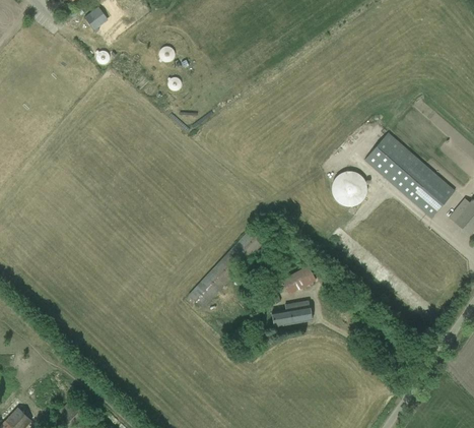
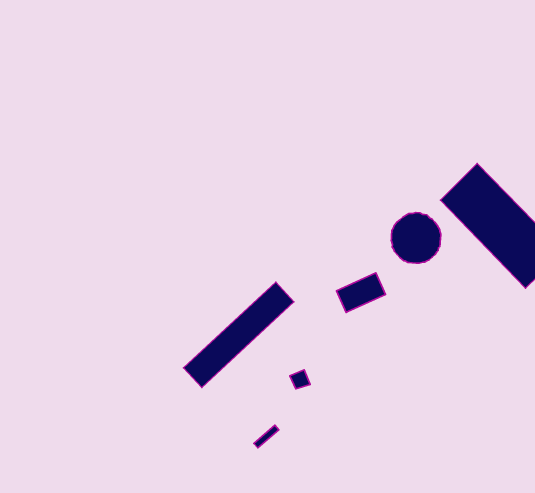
building: [280,264,316,295] -> [337,273,386,313]
building: [271,300,312,326] -> none

